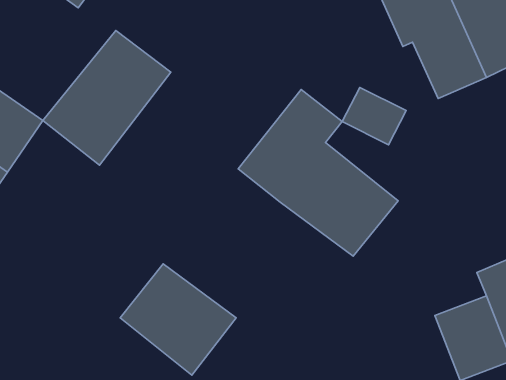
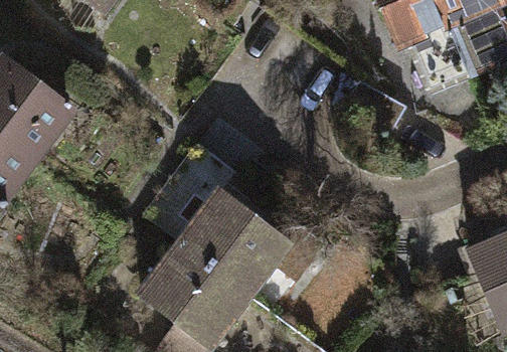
building: [43,31,171,165] -> none
building: [238,90,398,256] -> [144,141,290,293]

